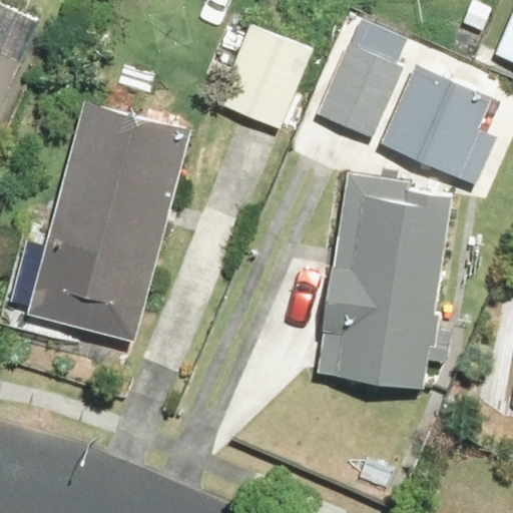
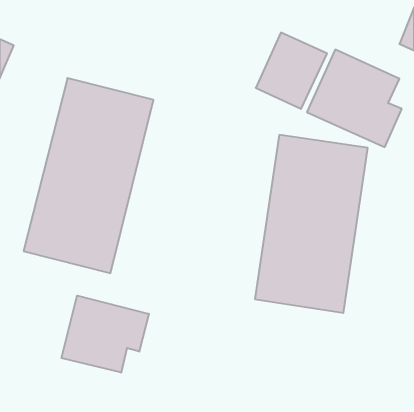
building: [216,25,313,128] -> none
building: none -> [62,296,149,373]

